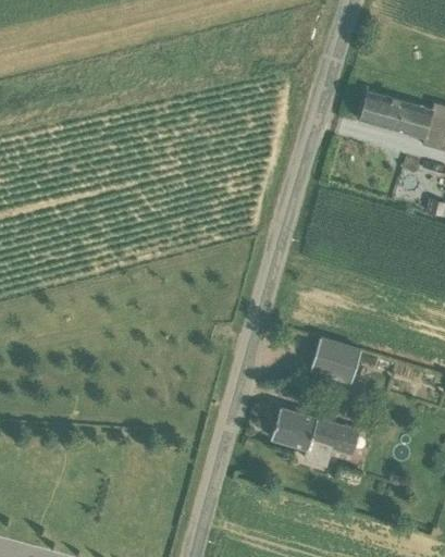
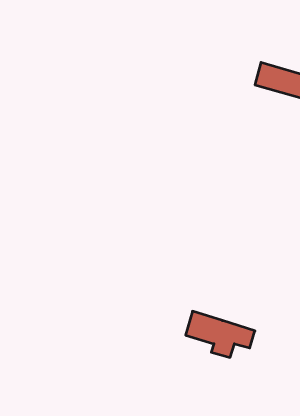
building: [311,338,362,383] -> none

